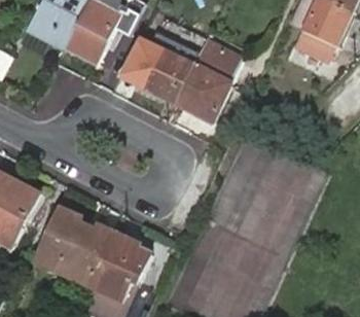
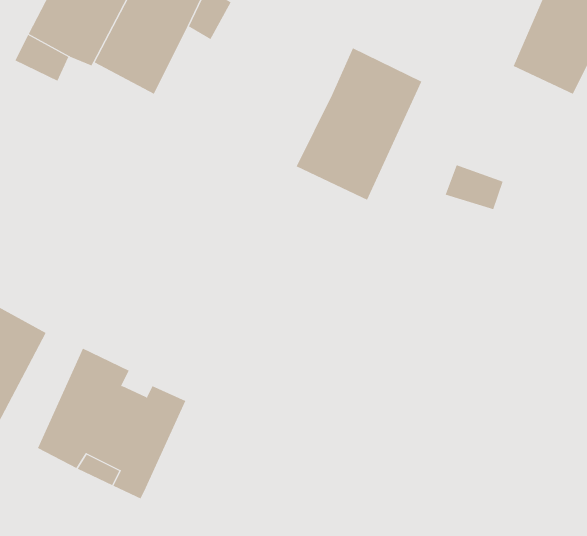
building: [132,31,193,103] -> none
building: [88,231,149,300] -> none

